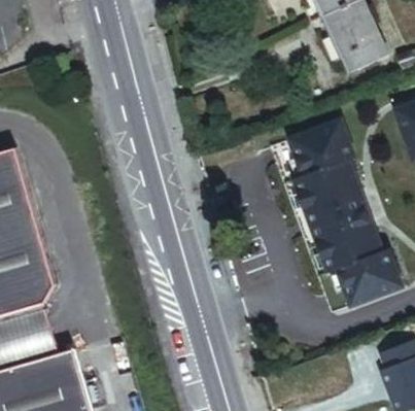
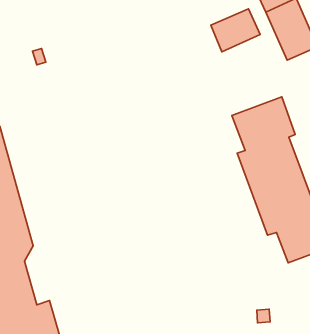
building: none -> [211,9,260,52]

